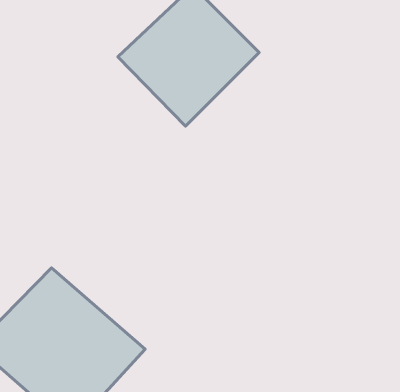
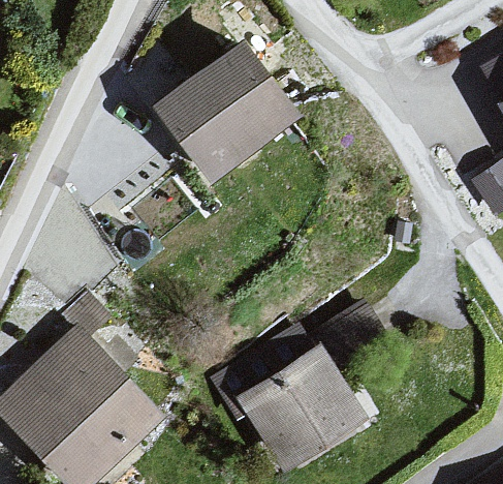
building: none -> [235,345,370,465]

